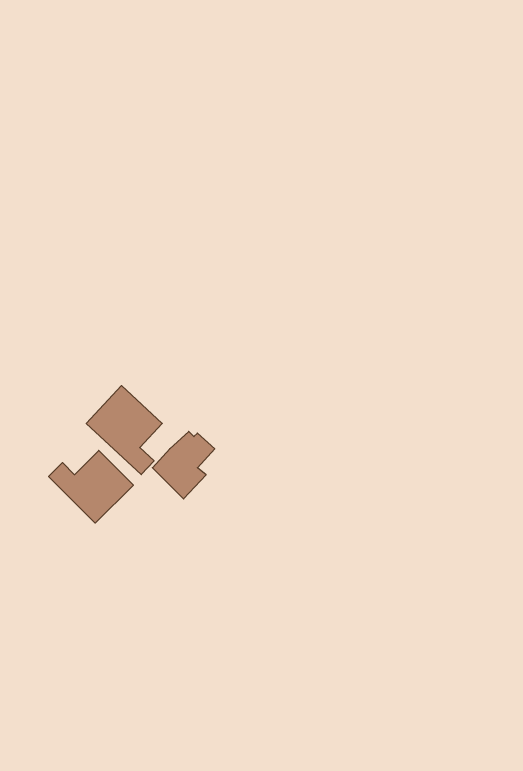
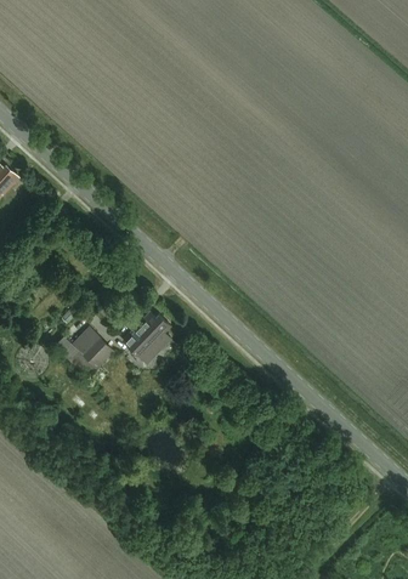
building: [86,386,162,475] -> none

